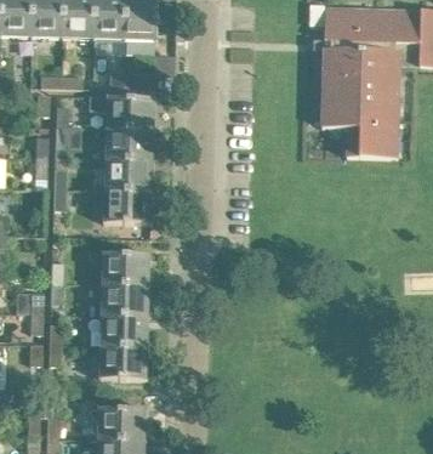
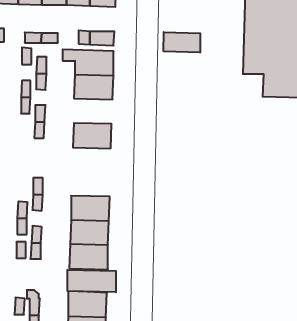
building: none -> [164,32,200,53]
building: [103,159,153,192] -> none
building: [99,252,150,285] -> none
building: none -> [67,270,116,292]

